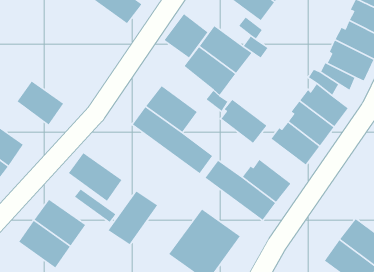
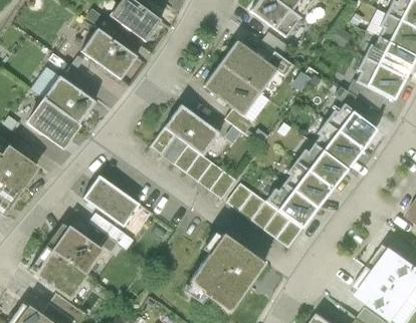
building: none -> [81,28,137,78]
building: [164,13,209,59] -> none
building: none -> [43,74,96,123]
building: [221,99,267,144] -> [284,160,334,208]
building: [108,190,158,245] -> none

